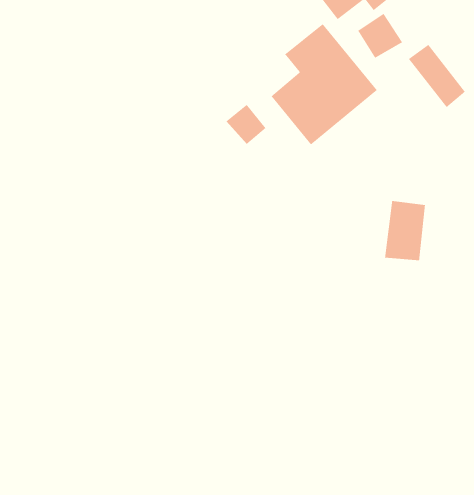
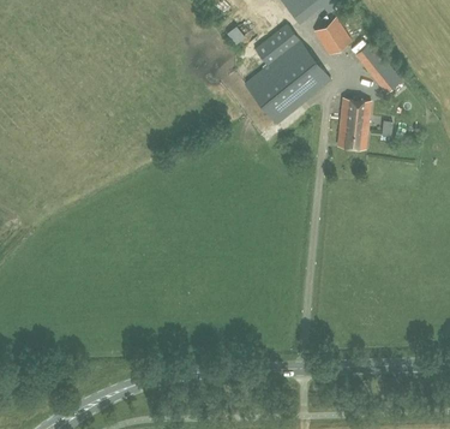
building: [226,104,267,145] -> none
building: [384,200,426,261] -> [336,99,370,148]

